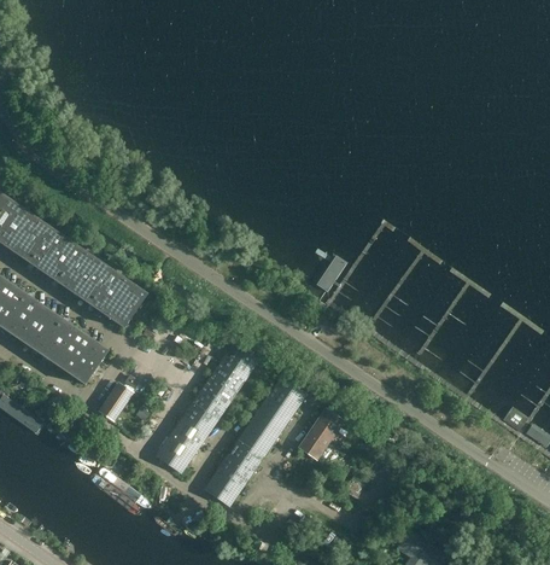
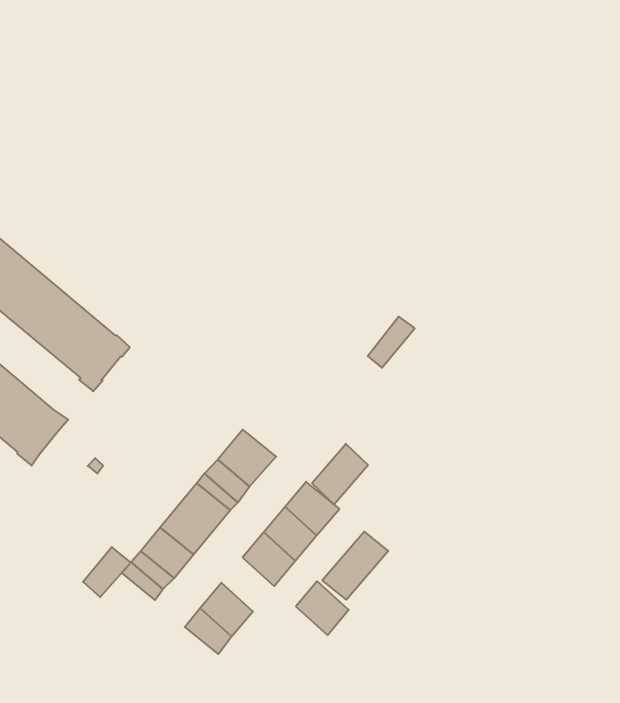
building: none -> [312,444,368,505]
building: [99,384,131,420] -> [83,547,131,597]
building: [227,436,264,473] -> [296,581,349,635]

